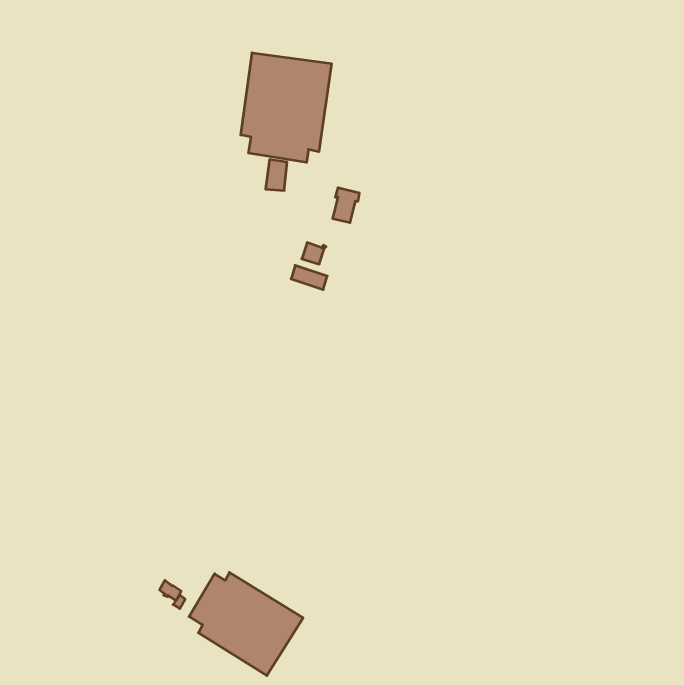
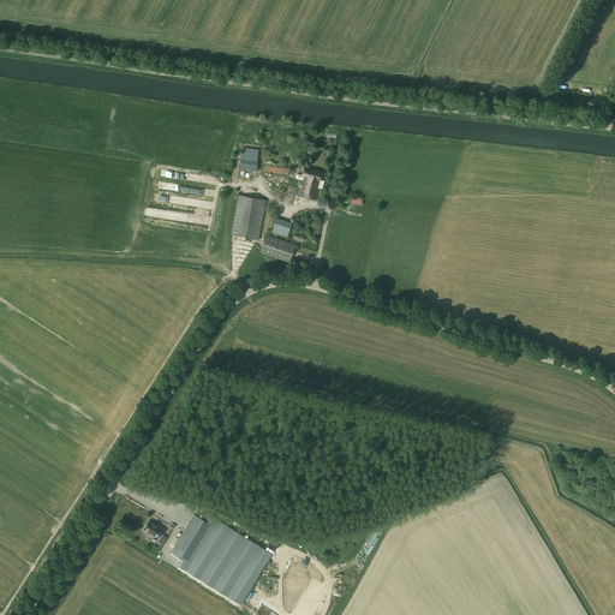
building: [241,53,331,162] -> none
building: none -> [229,195,268,240]

